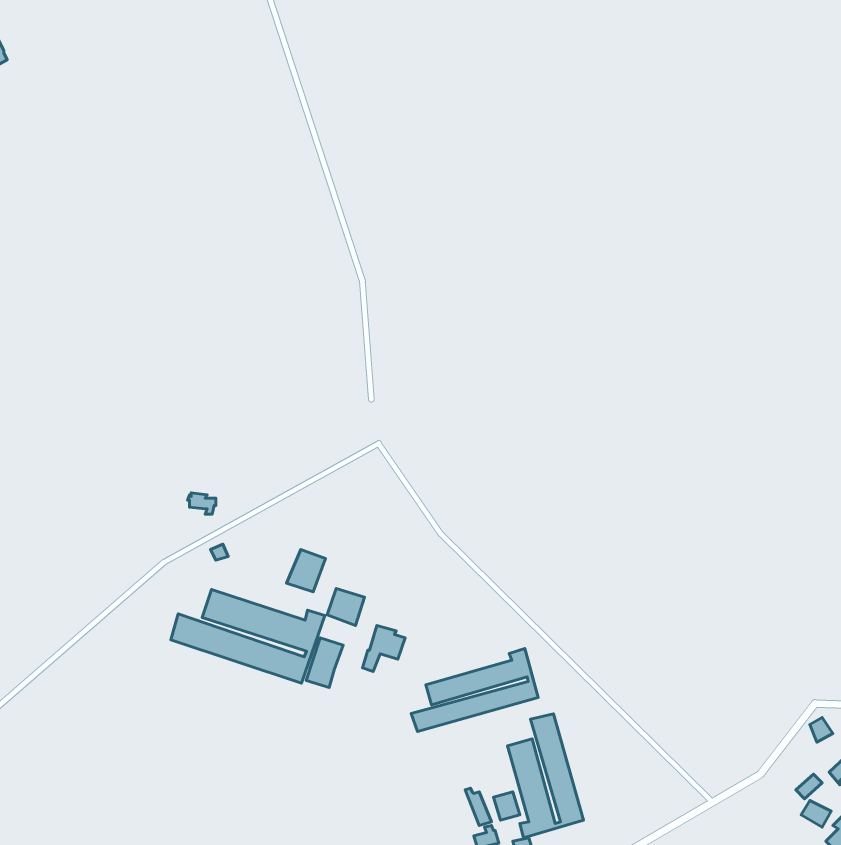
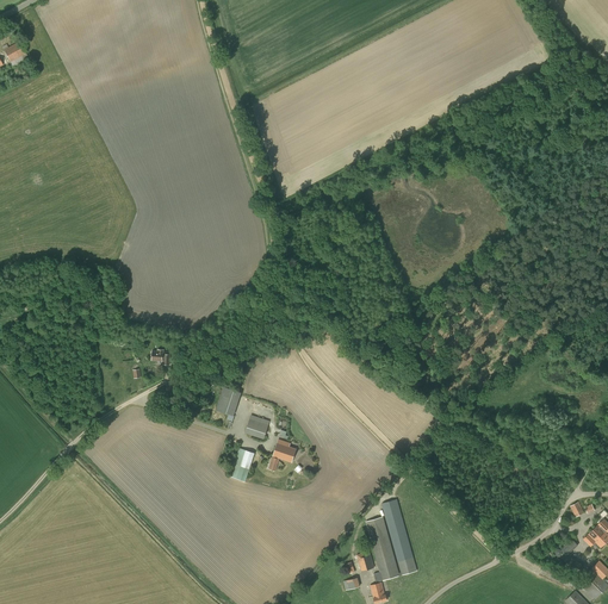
building: [171,590,325,683] -> none
building: [411,649,538,732] -> none

